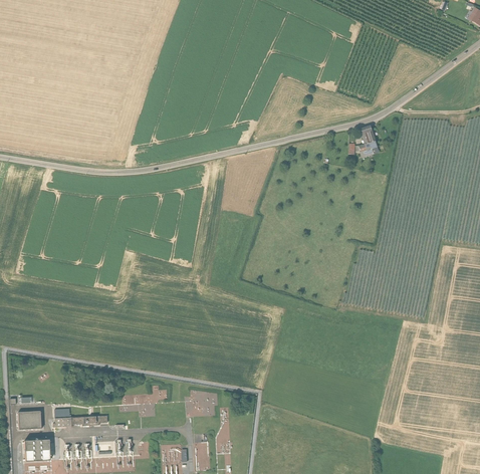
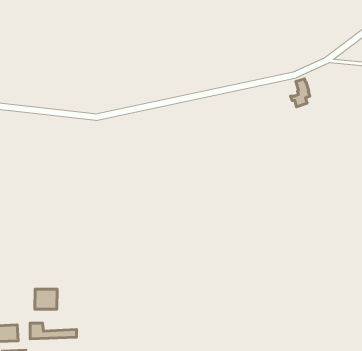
building: none -> [35,289,57,309]

